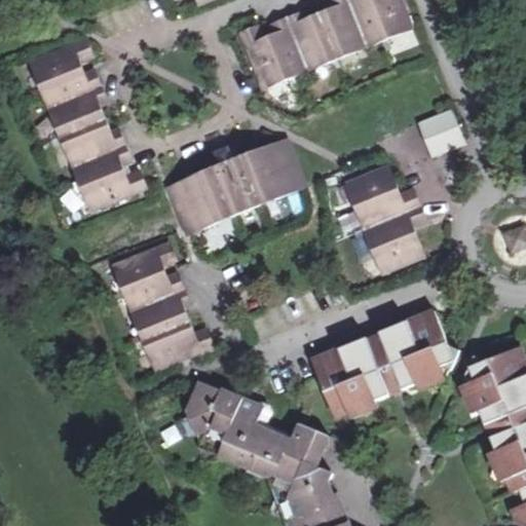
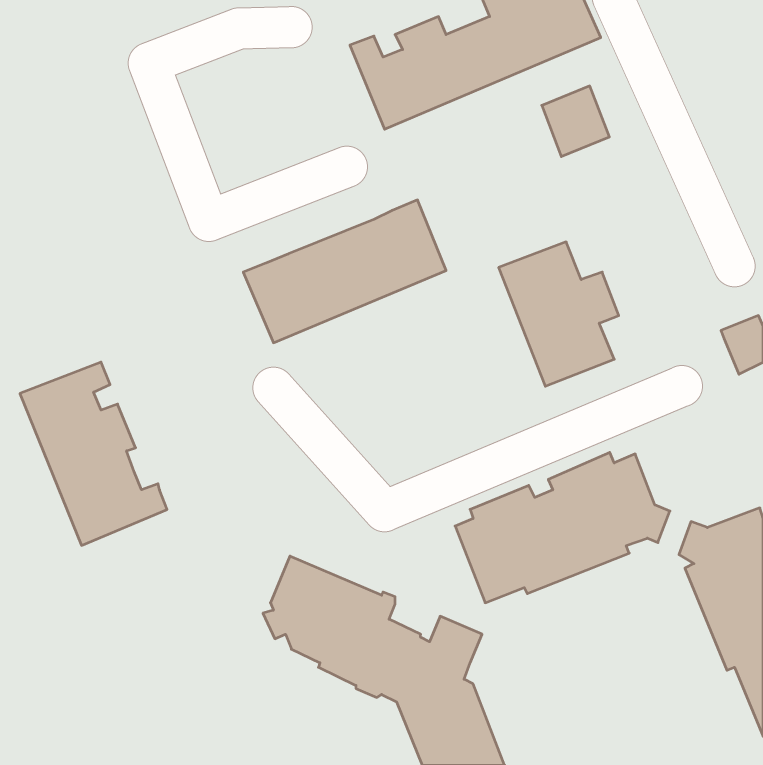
building: [29,38,146,211] -> none
building: [417,109,463,157] -> [542,86,609,157]
building: [111,245,212,370] -> [20,362,167,545]

